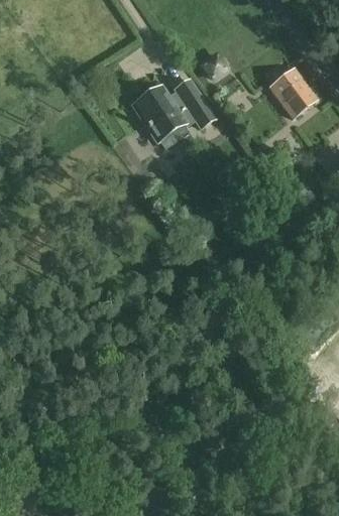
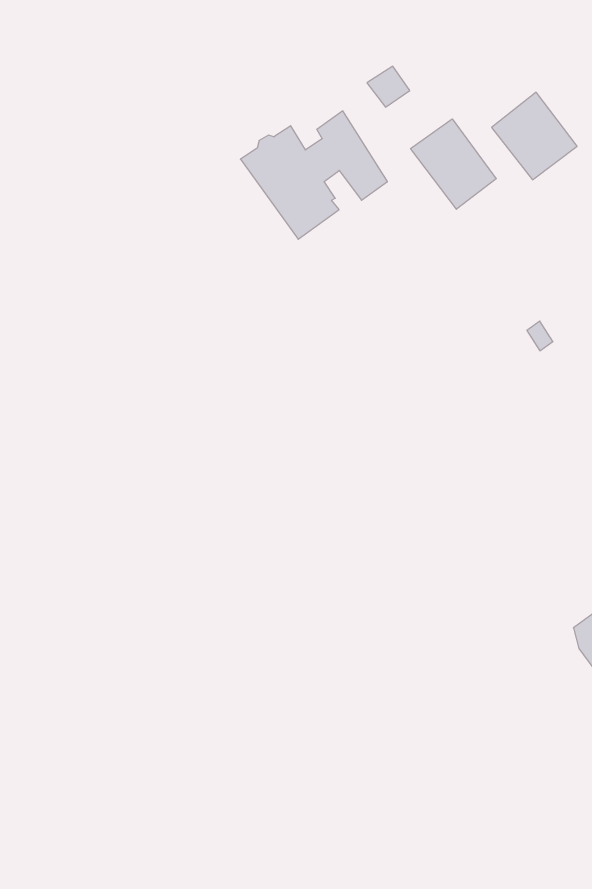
building: none -> [411,119,496,209]

